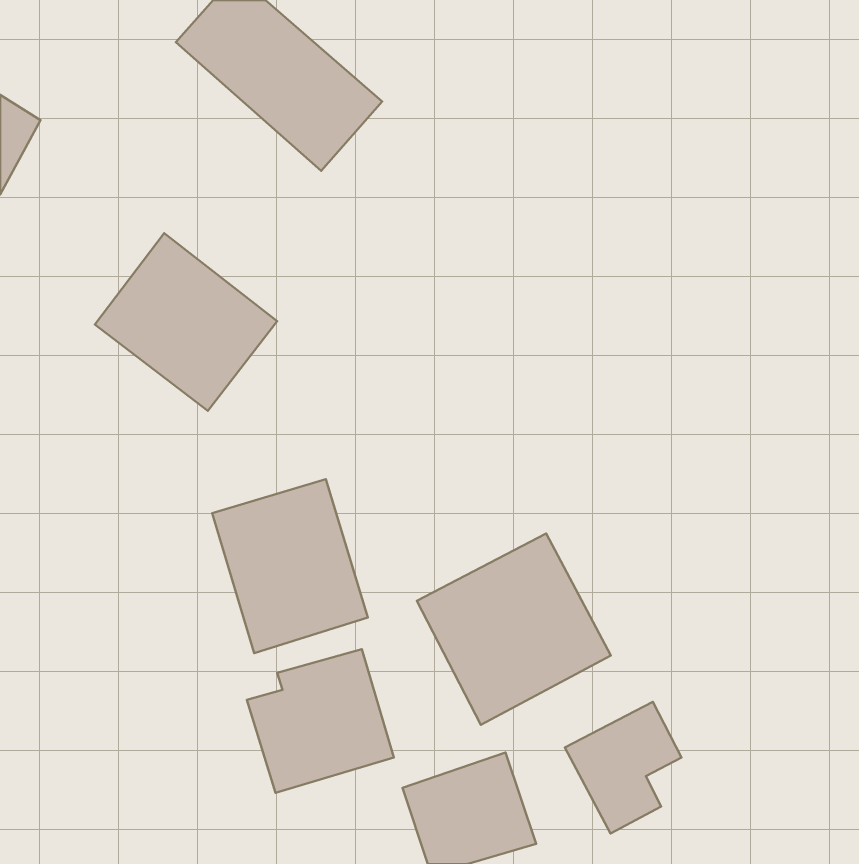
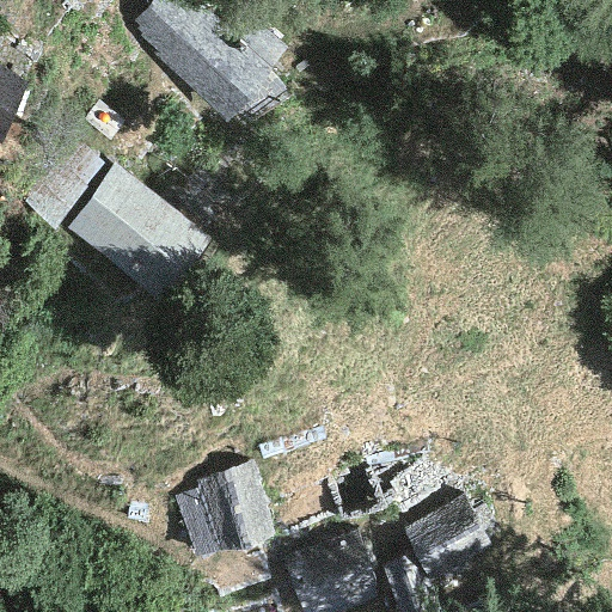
building: [212,479,368,653] -> none
building: [417,533,611,725] -> none

